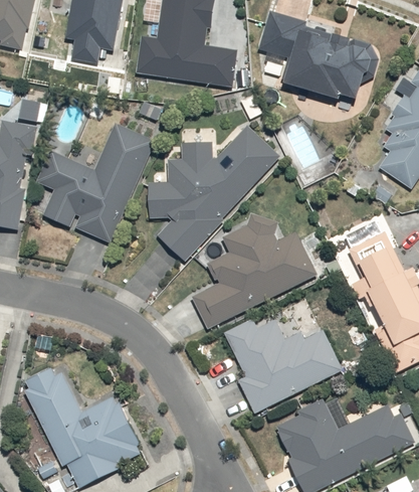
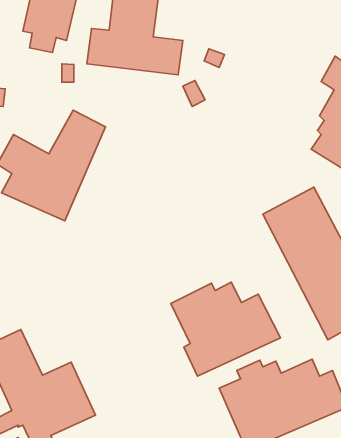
building: [256,11,377,108] -> none
building: [149,126,279,261] -> none
building: [192,216,317,326] -> none

